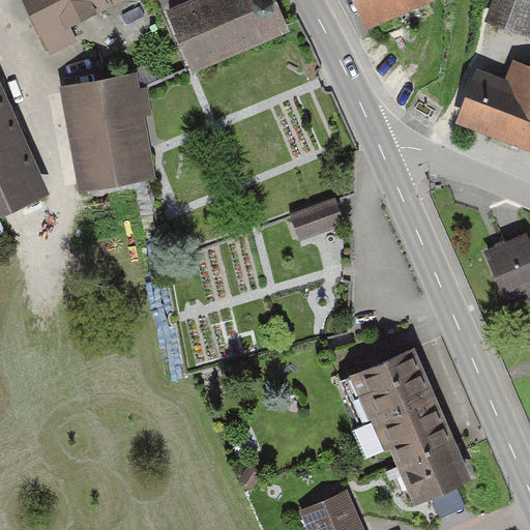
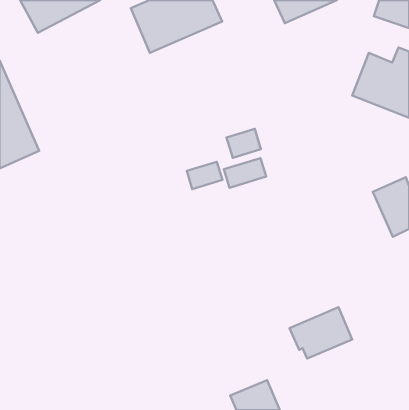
building: [59,75,156,193] -> none
building: none -> [227,129,261,158]
building: none -> [187,162,223,189]
building: [353,349,437,423] -> none
building: [396,438,473,506] -> none

